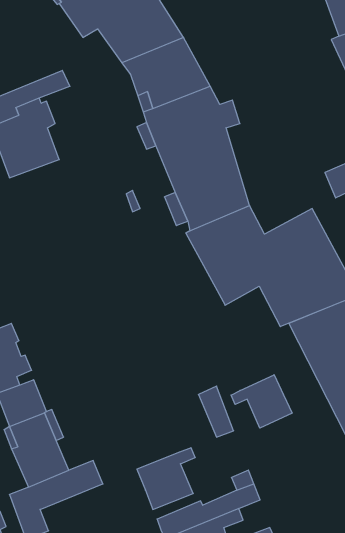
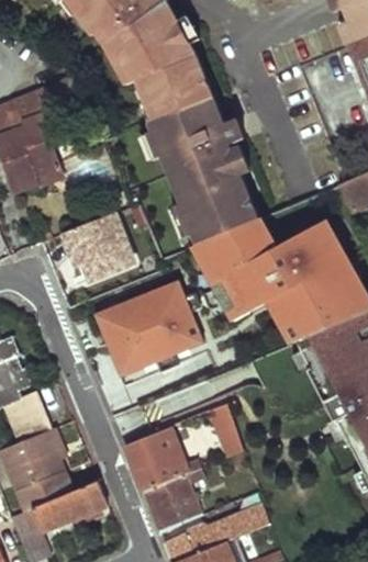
building: none -> [64,213,132,278]
building: none -> [94,280,203,375]
building: [231,375,292,428] -> none
building: none -> [125,428,187,490]

